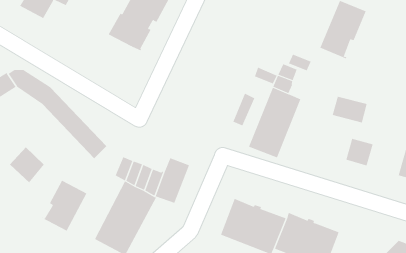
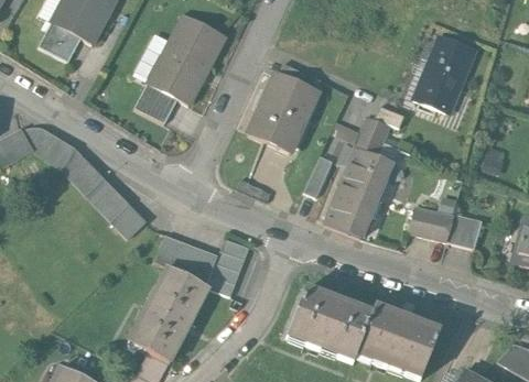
building: none -> [248,73,317,150]
building: none -> [134,81,176,121]
building: [332,96,368,123] -> [409,206,454,240]
building: [9,146,45,183] -> none
building: [42,180,87,231] -> none

